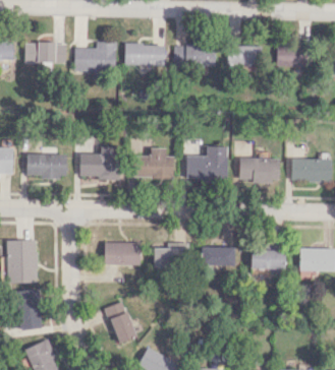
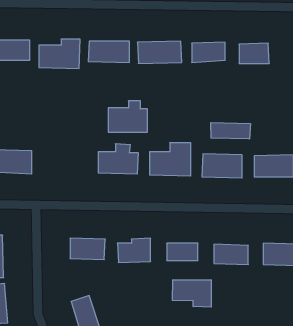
building: none -> [211,123,250,139]
building: [79,146,119,178] -> [108,101,147,132]
building: none -> [172,280,211,307]

